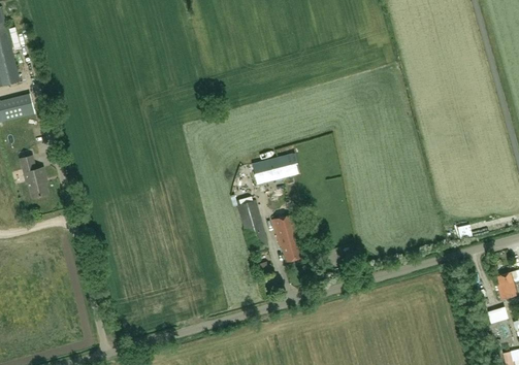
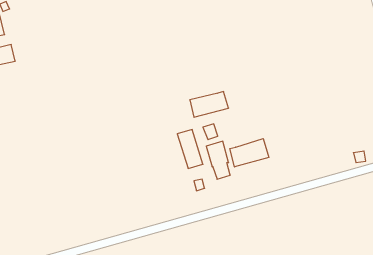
building: [19,156,46,198] -> none
building: none -> [230,139,269,167]

